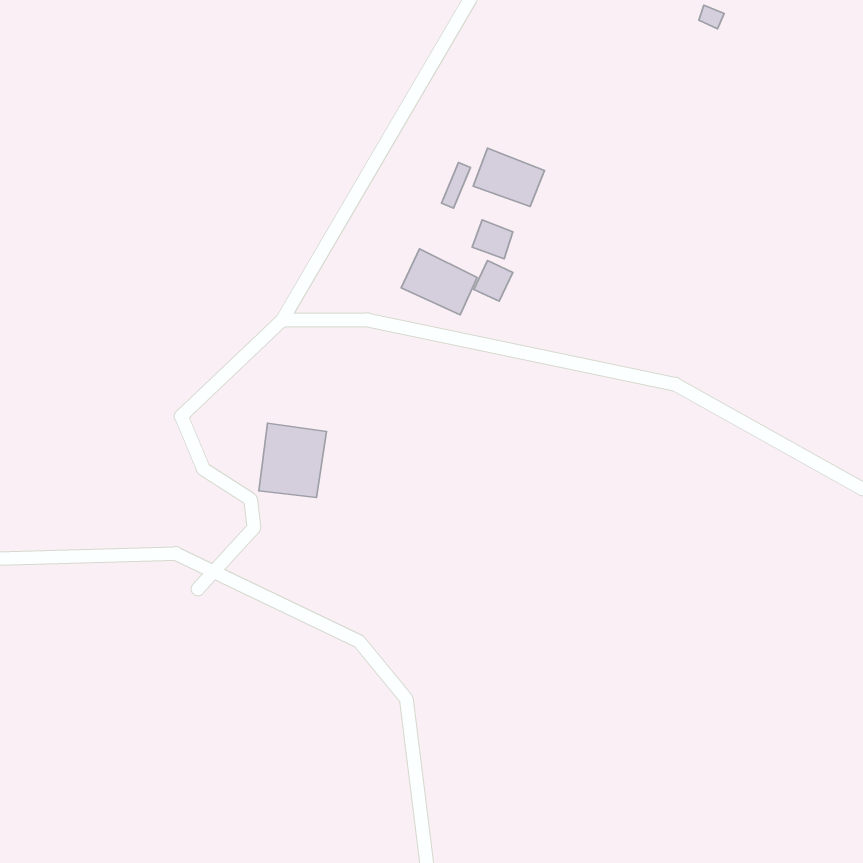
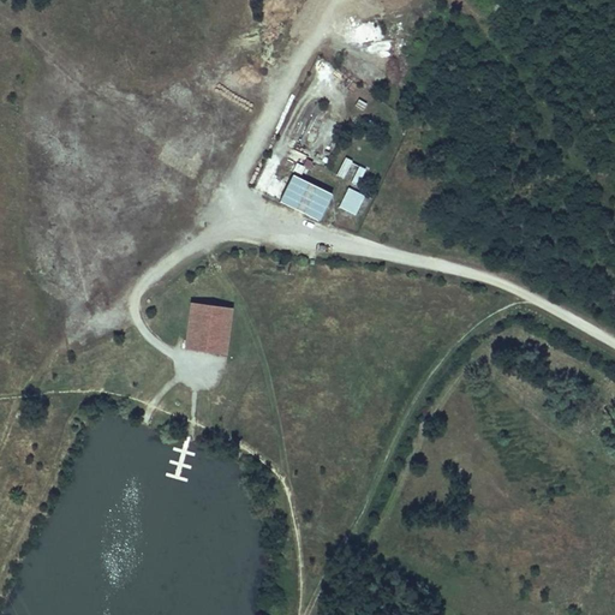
building: [473,148,545,207] -> none

